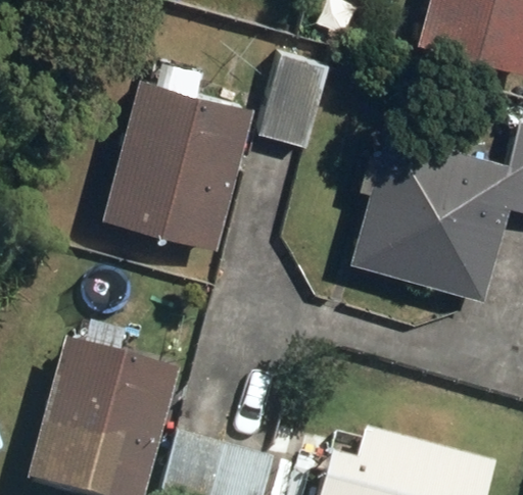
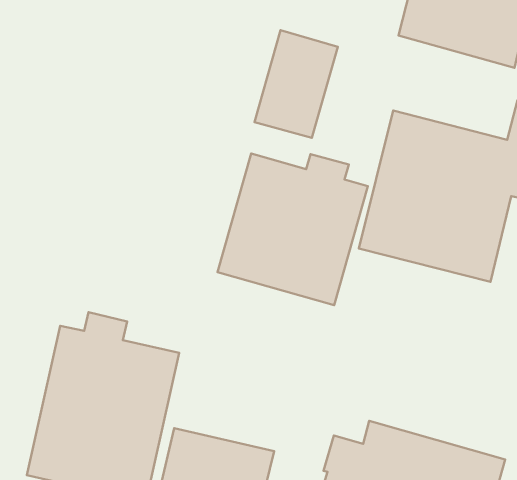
building: [102,77,252,251] -> none
building: none -> [217,153,368,305]

